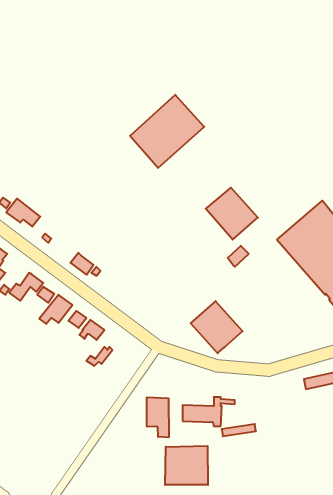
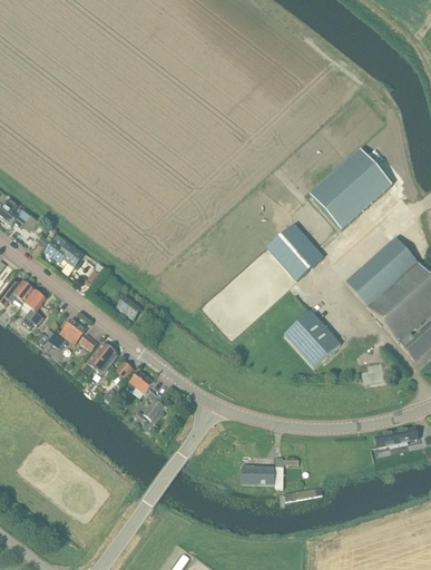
building: [130,95,204,168] -> [310,148,392,229]
building: [191,301,243,353] -> [283,309,341,367]
building: [147,397,169,437] -> none
building: [165,446,208,485] -> none

